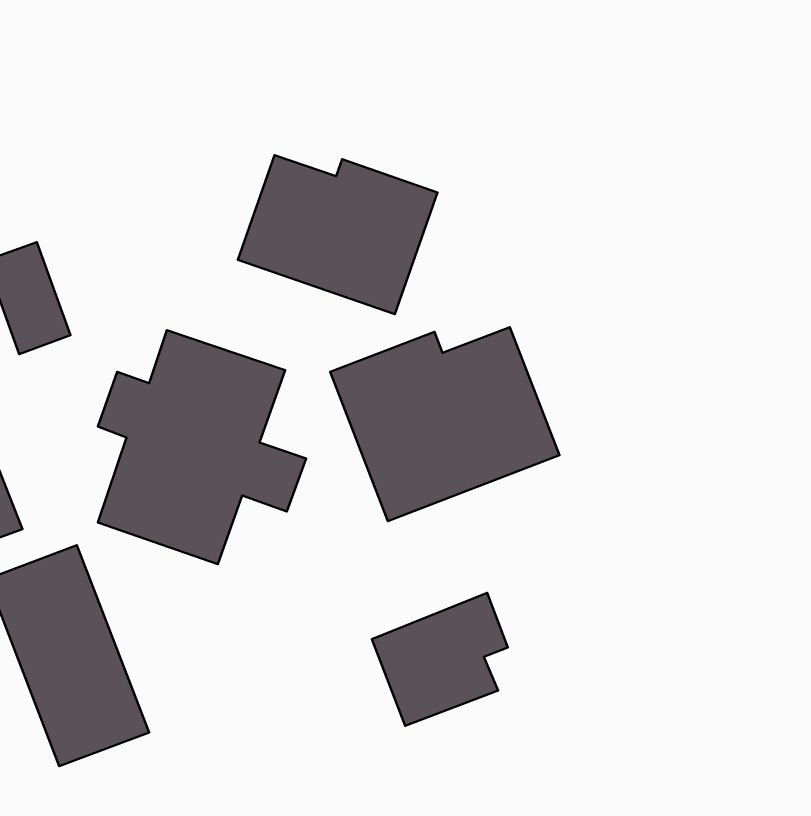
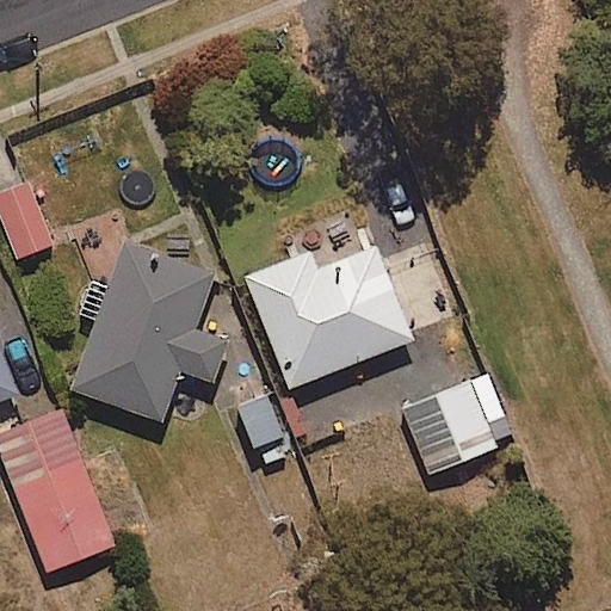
building: [238,155,437,314] -> none
building: [372,593,508,726] -> [401,375,502,474]

